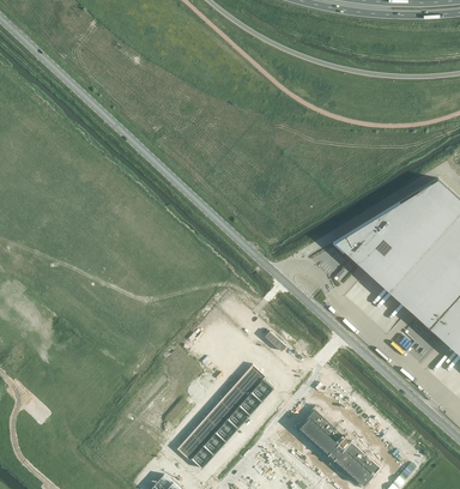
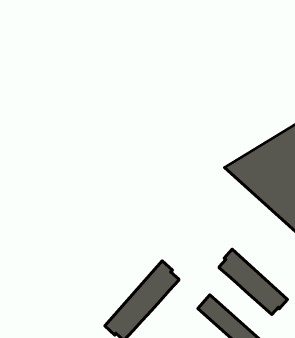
building: none -> [219,249,287,314]

